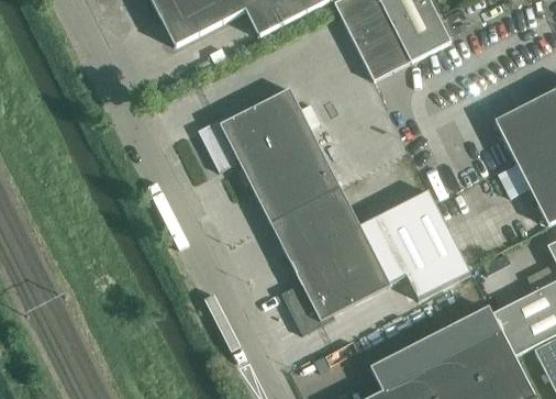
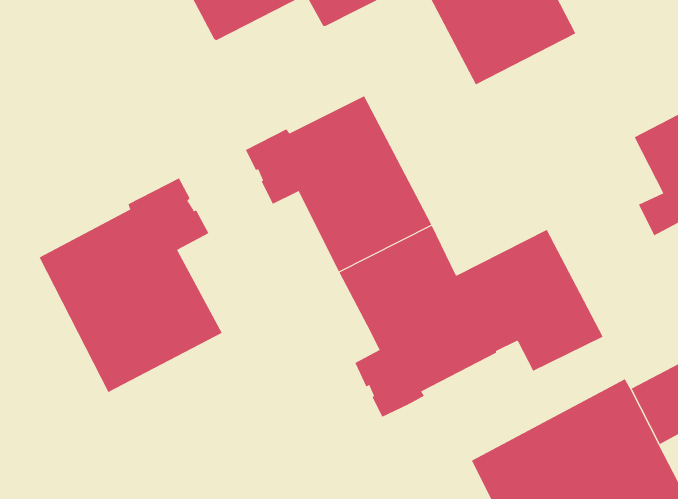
building: none -> [39,177,222,393]

